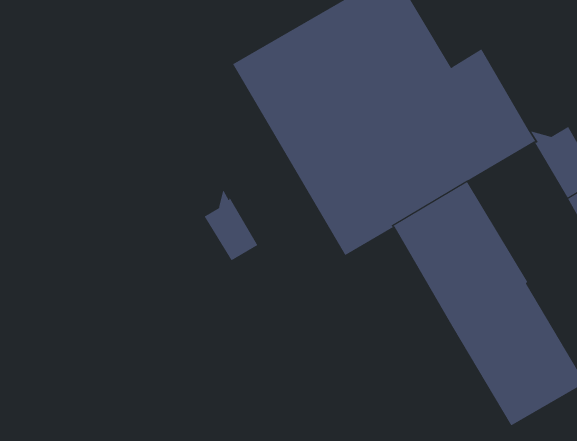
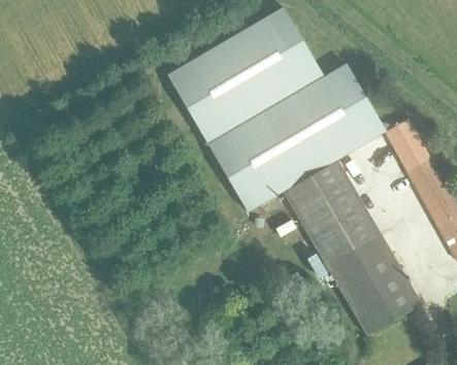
building: [204,189,258,261] -> none

